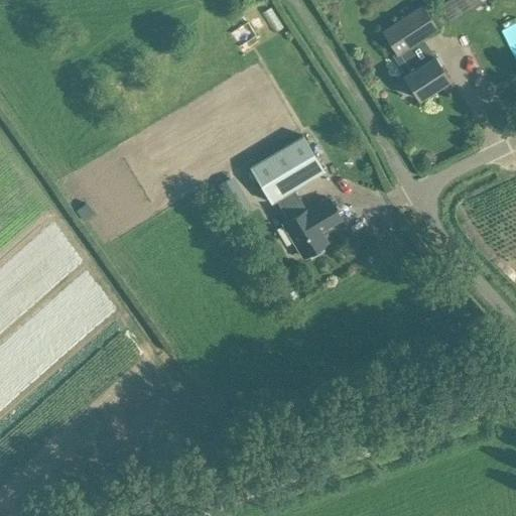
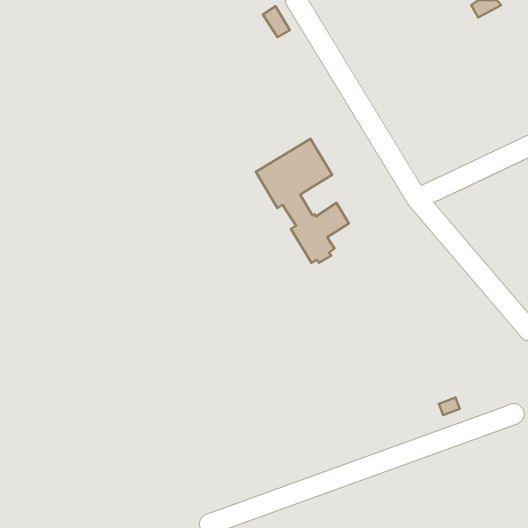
building: [383,7,449,100] -> none

